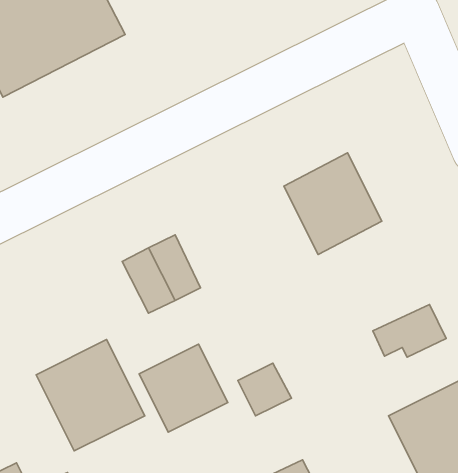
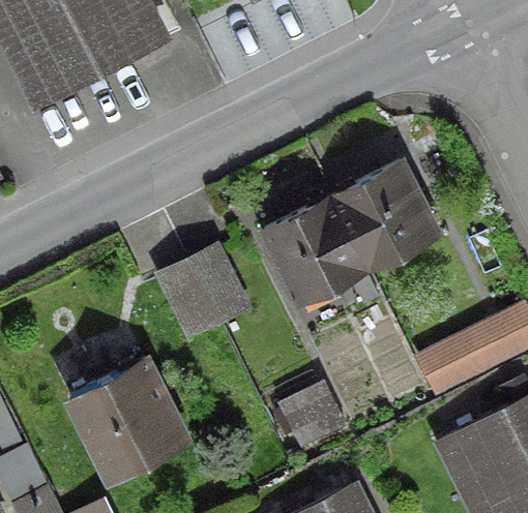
building: none -> [263,198,368,303]
building: [139,344,228,432] -> none

